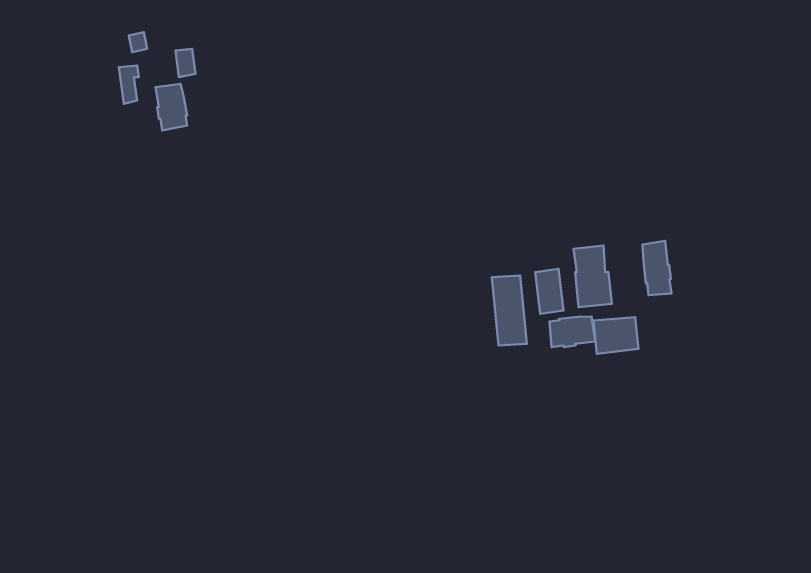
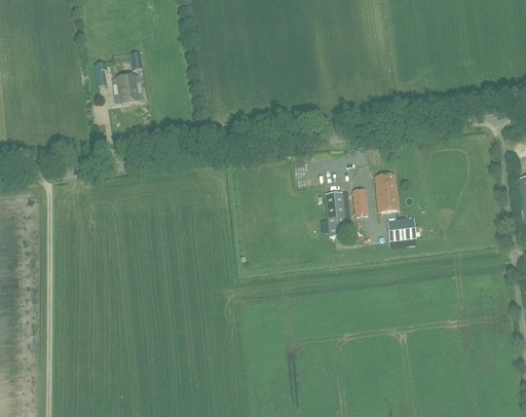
building: [643,241,671,295] -> none
building: [550,316,595,347] -> none

